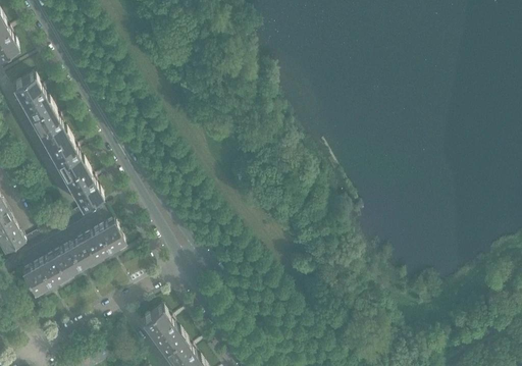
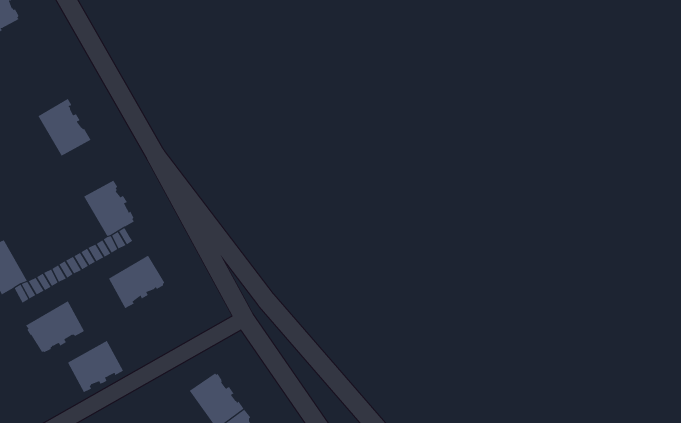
building: [11,74,52,118] -> none
building: [47,136,86,177] -> none
building: [52,238,94,276] -> [67,340,124,393]

